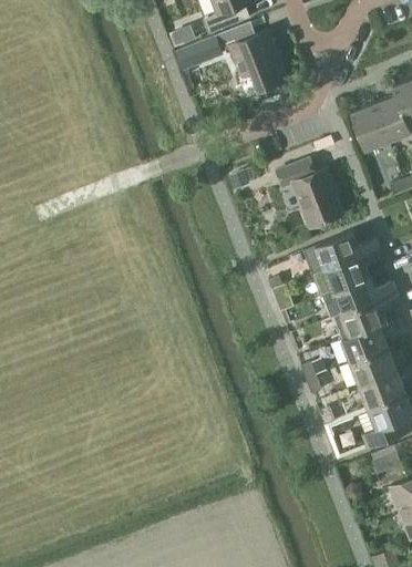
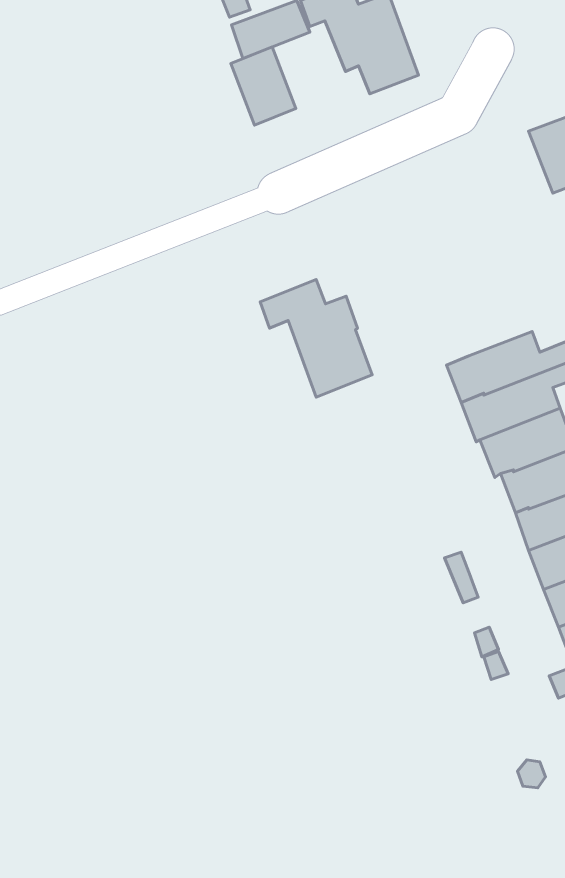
building: none -> [231,47,296,125]
building: [277,159,343,229] -> [260,279,372,397]

